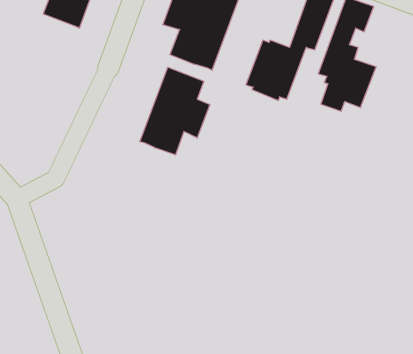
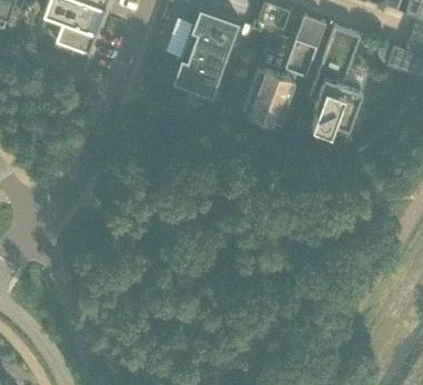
building: [140,67,210,155] -> none

